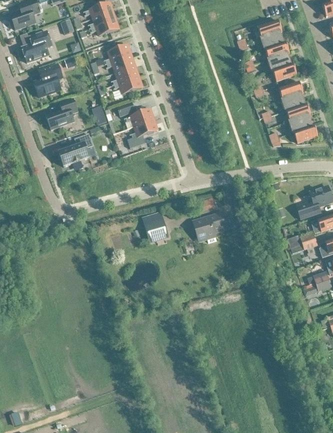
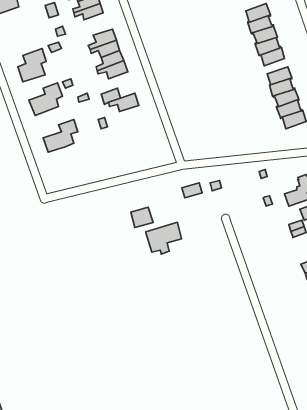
building: [22,30,52,63] -> none
building: [127,120,157,148] -> none
building: [193,212,228,243] -> [146,223,181,254]

